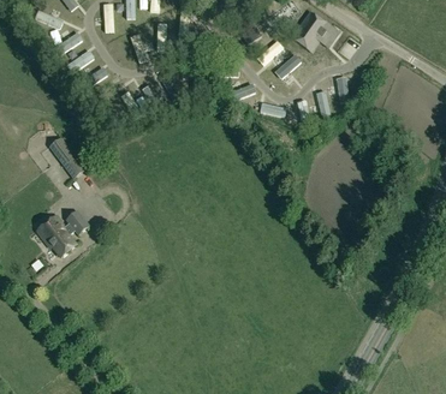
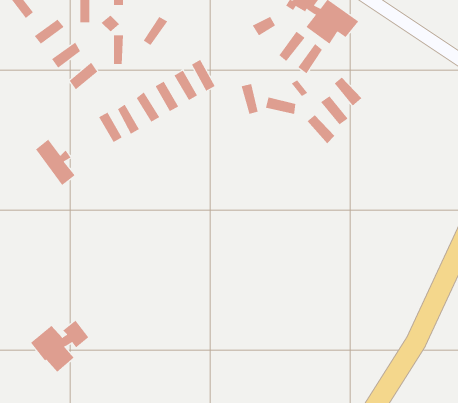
building: [36,210,89,257] -> [30,320,89,372]

